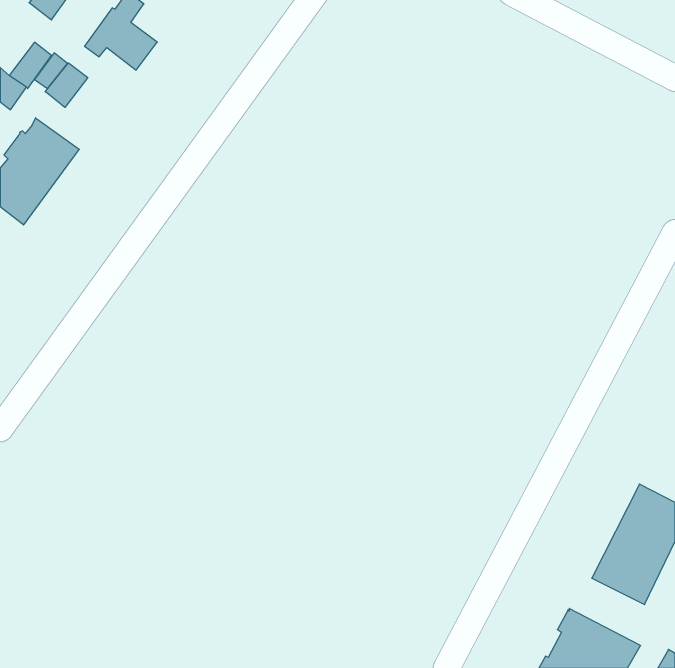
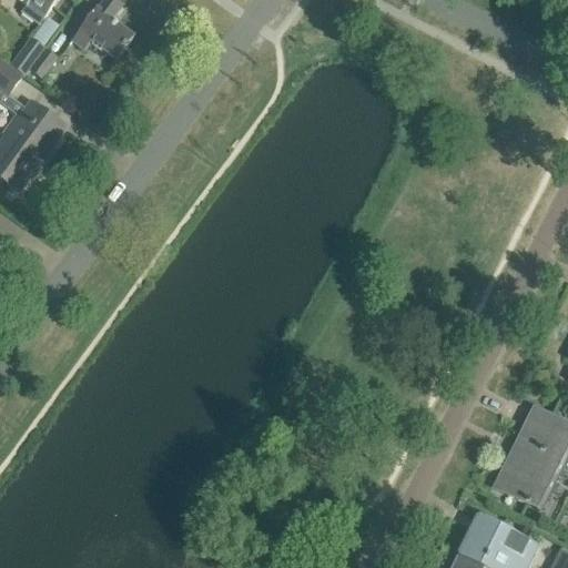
building: [45,63,88,107] -> none

